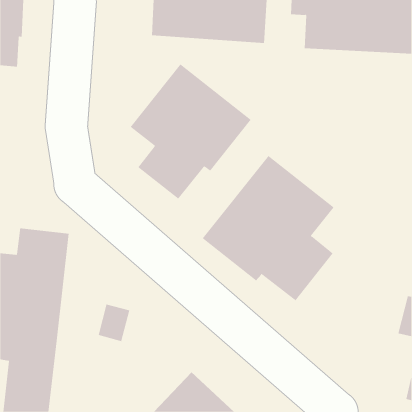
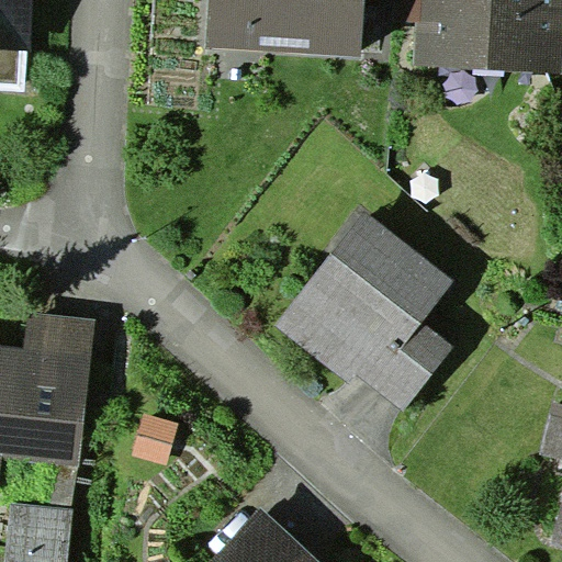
building: [130,63,251,200] -> none

